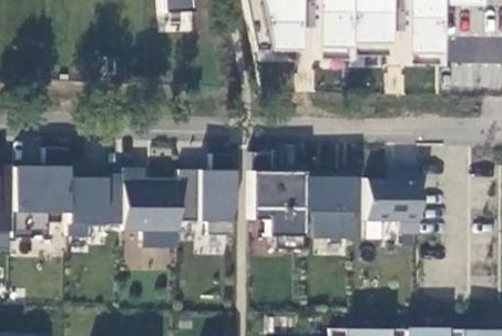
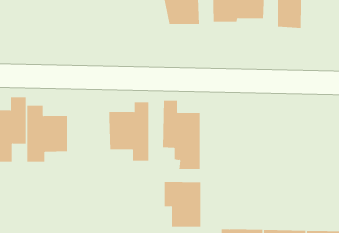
building: [124,167,181,248] -> none
building: [365,171,421,235] -> none
building: [305,176,356,238] -> [164,181,201,227]

